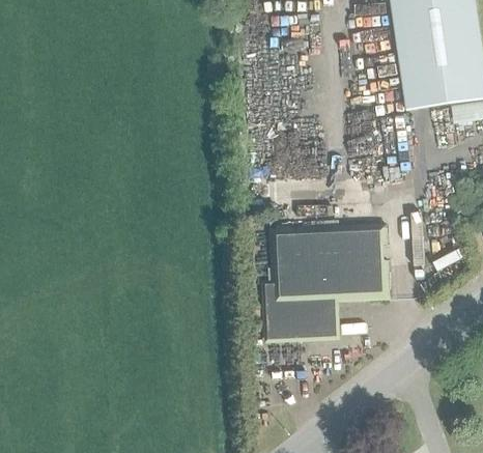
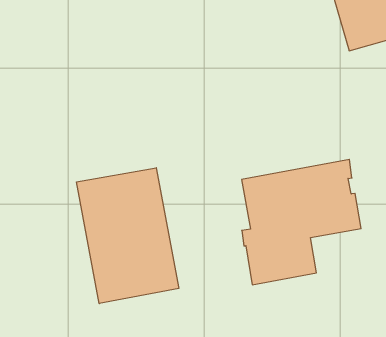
building: none -> [77,168,179,304]

